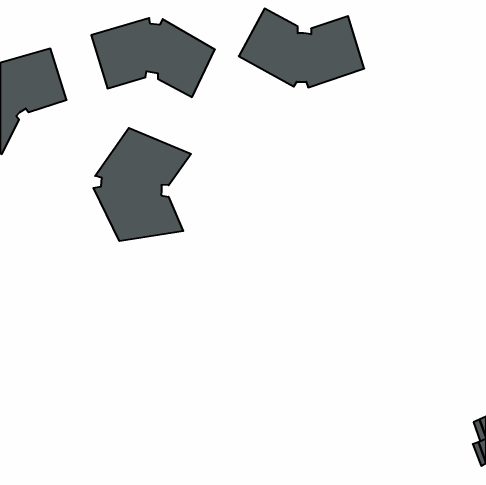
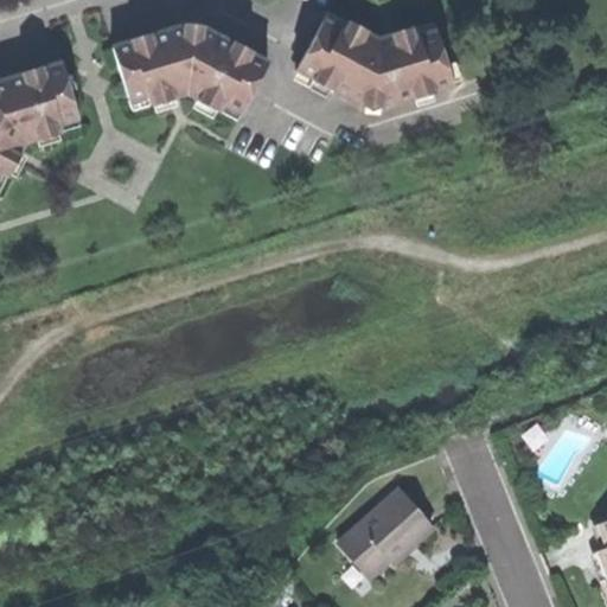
building: [93,128,191,241] -> none
building: none -> [337,487,432,571]

